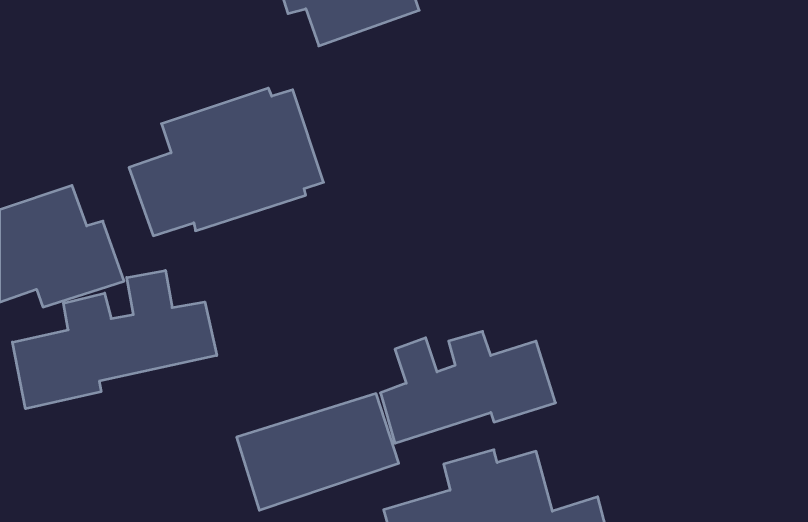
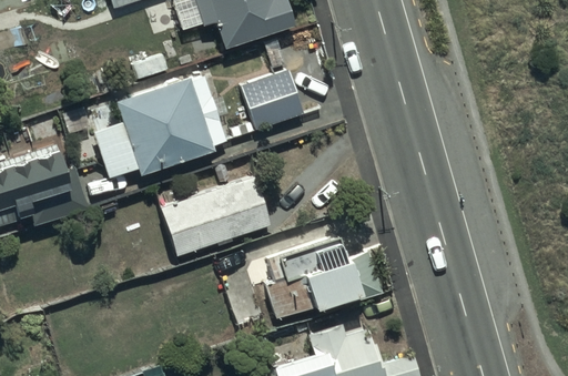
building: none -> [242,71,304,131]
building: [12,270,217,409] -> none
building: [237,394,399,510] -> [160,177,271,257]

